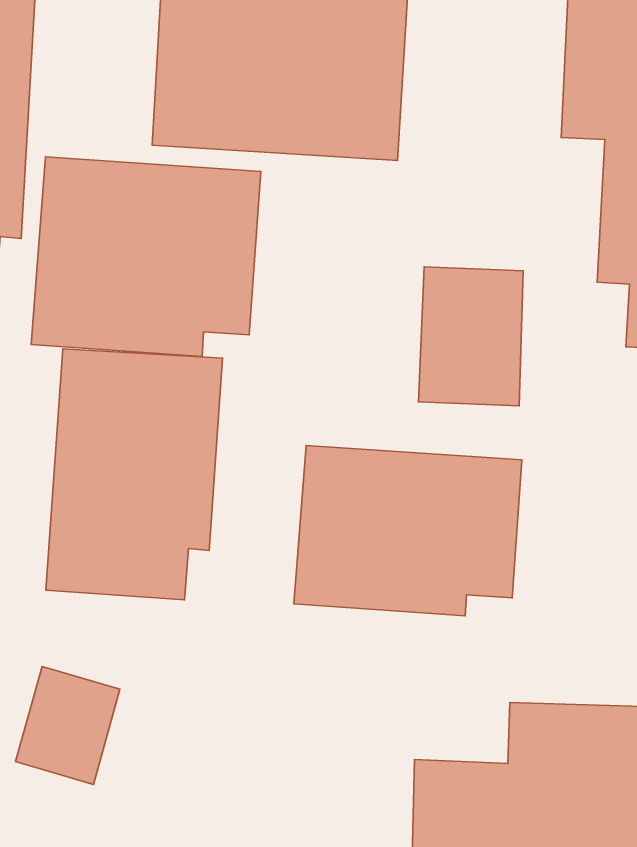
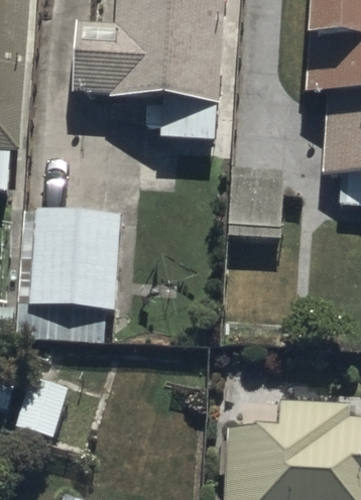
building: [31,157,261,357] -> none
building: [294,445,522,616] -> none

